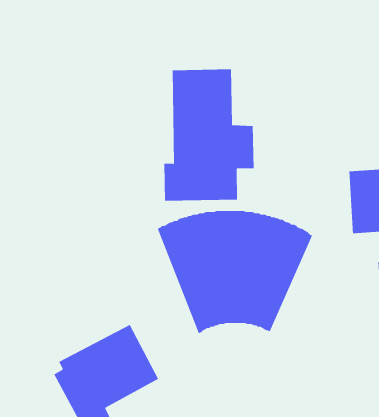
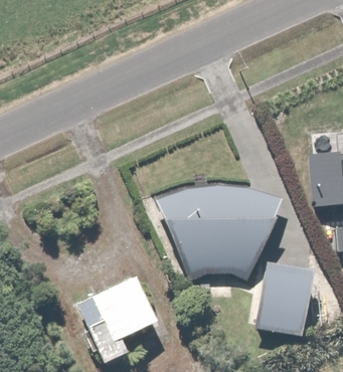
building: [163,69,255,201] -> none
building: none -> [255,261,310,336]

